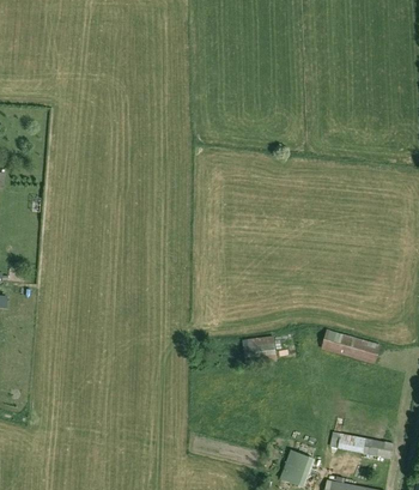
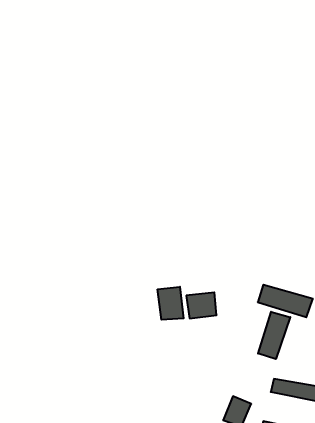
building: none -> [158,287,184,320]
building: none -> [258,312,290,359]

